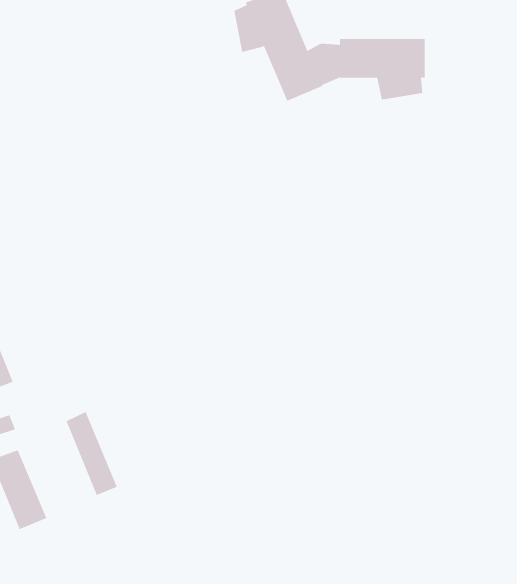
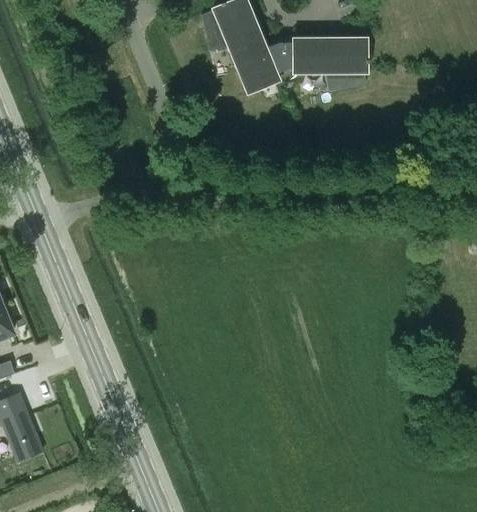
building: [66,411,118,496] -> none

